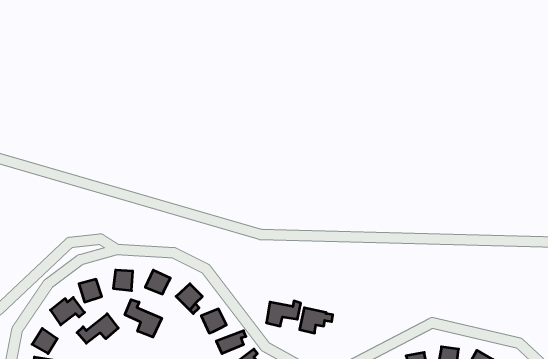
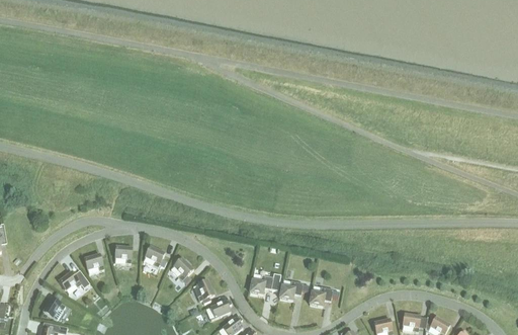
building: [125,300,162,337] -> none
building: [77,314,118,343] -> none
building: none -> [310,284,339,306]

